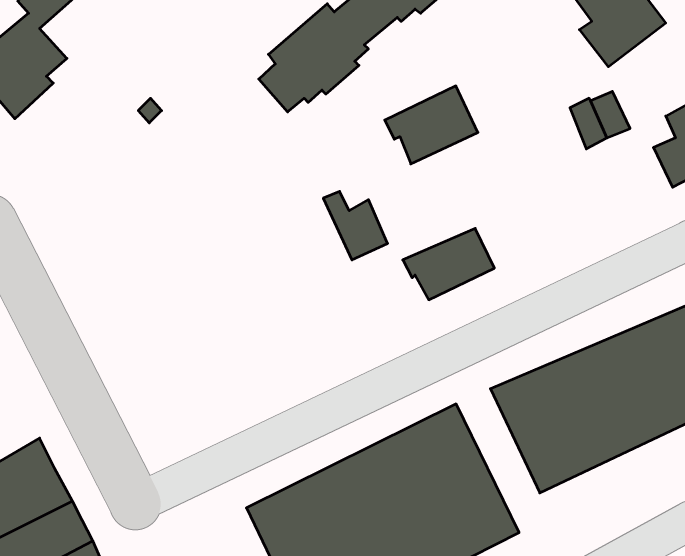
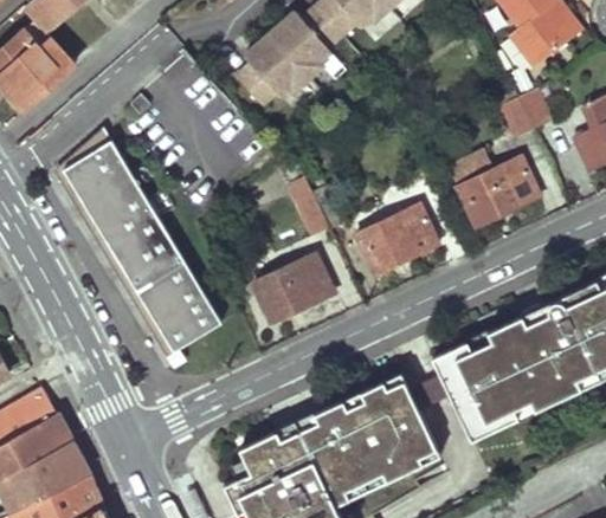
building: [385,86,478,164] -> [457,156,537,224]
building: none -> [53,131,223,365]
building: none -> [250,253,331,322]

